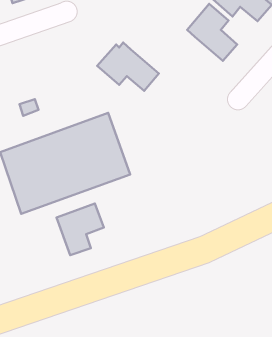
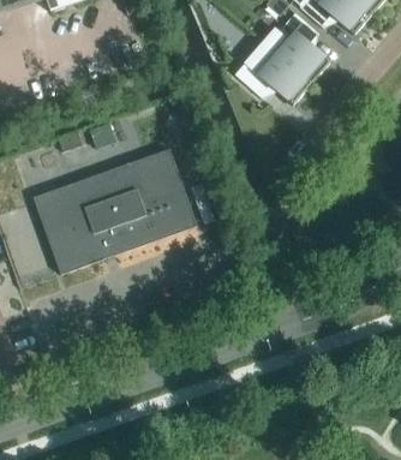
building: [97,43,159,91] -> [234,43,311,103]
building: [57,203,104,255] -> none

